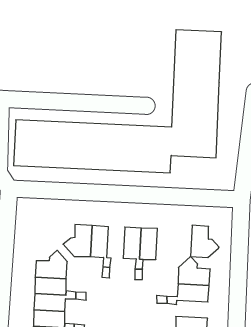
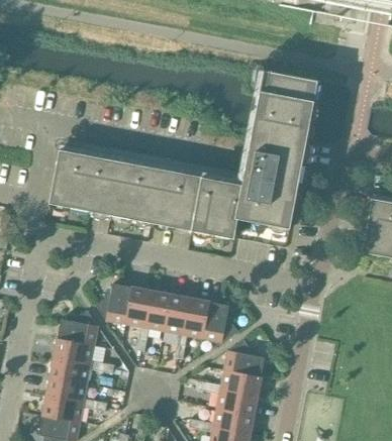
building: [190,225,219,257] -> [202,301,237,341]
building: none -> [144,291,171,330]
building: none -> [216,389,257,415]

